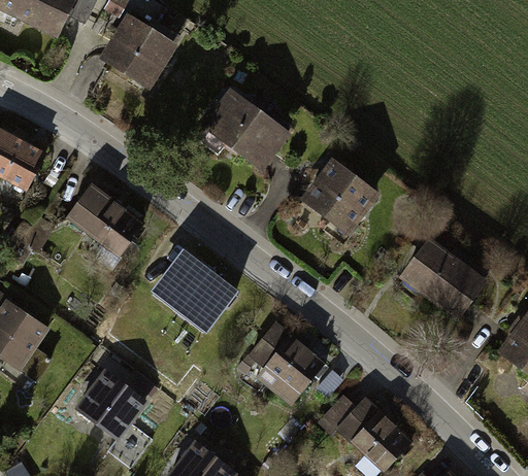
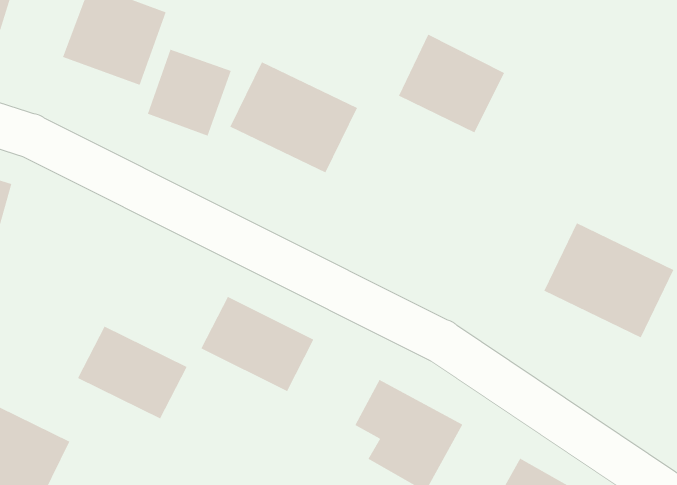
building: none -> [147,49,232,137]
building: [301,160,377,234] -> [398,34,505,133]
building: [66,179,143,250] -> [77,326,187,419]

